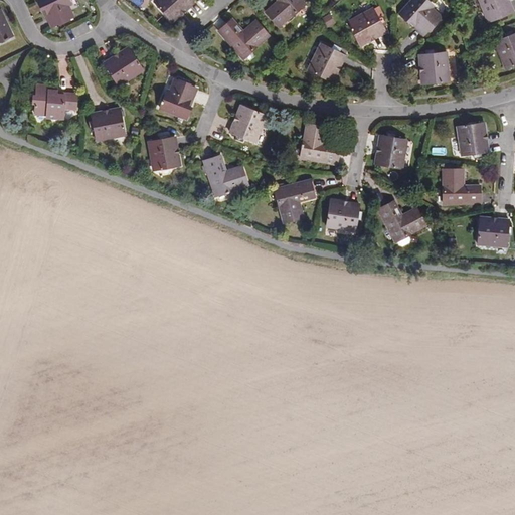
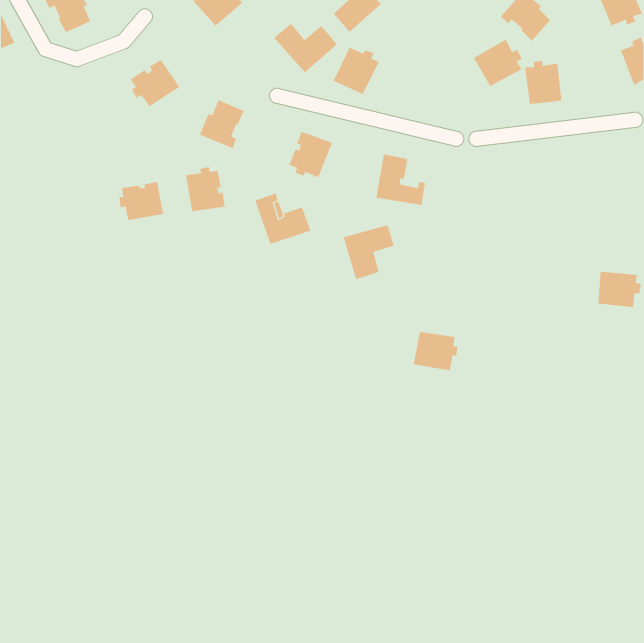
building: [347,7,386,45] -> [473,39,522,87]
building: [308,42,345,80] -> [333,47,380,95]
building: [30,85,74,118] -> none
building: [89,108,125,139] -> [119,181,164,221]
building: [457,121,488,157] -> none
building: [375,132,406,168] -> none
building: [443,168,480,203] -> none
building: [325,199,361,230] -> [413,332,458,371]
building: [378,200,425,240] -> none

